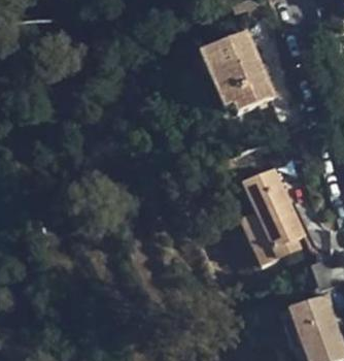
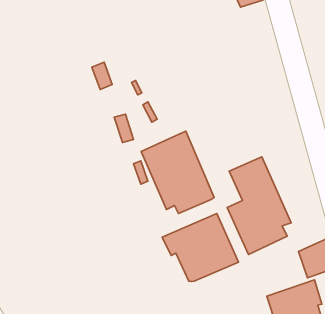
building: [201,30,275,113] -> [141,131,214,214]
building: none -> [162,213,239,281]

